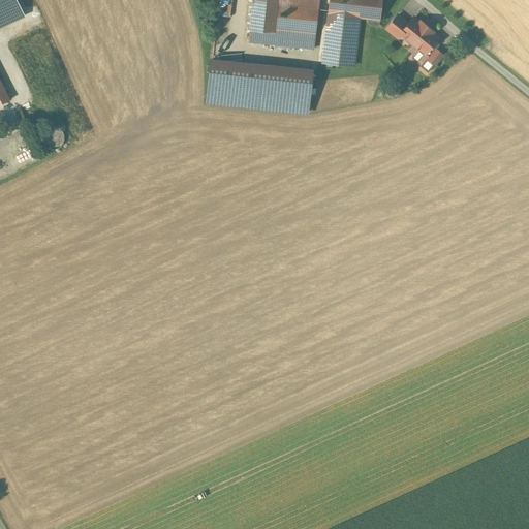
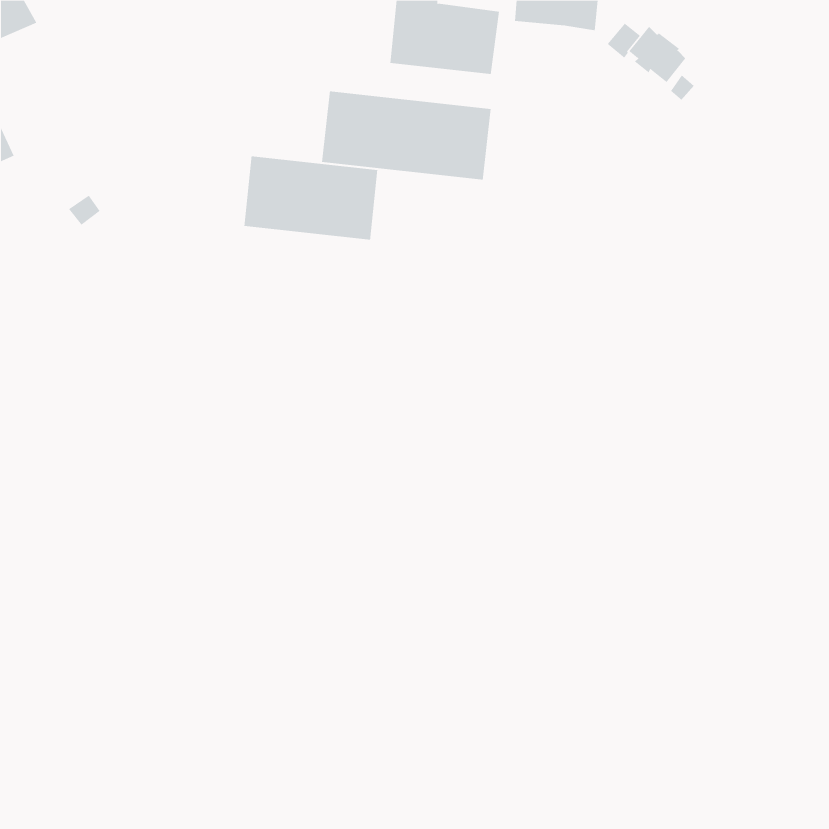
building: [321,13,360,65] -> none
building: none -> [244,156,378,240]

